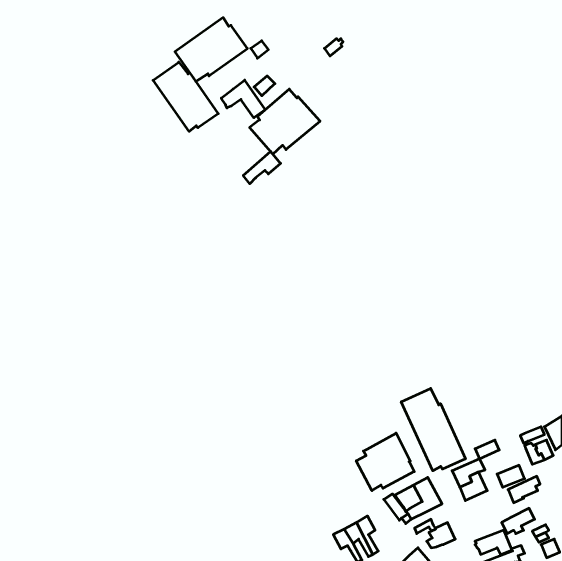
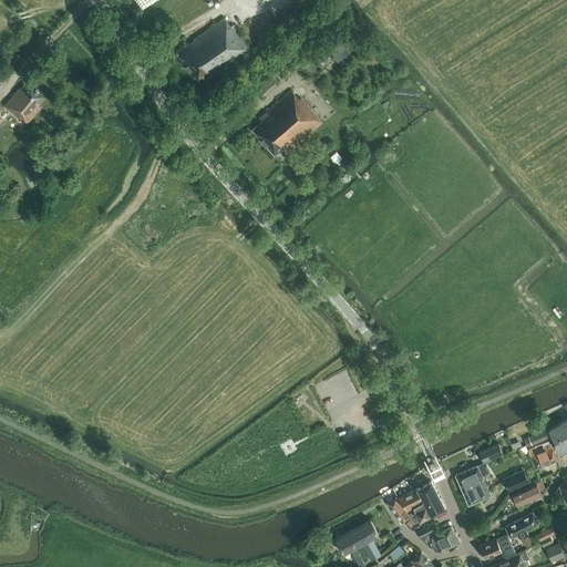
building: [153,62,218,131] -> none
building: none -> [4,81,47,124]
building: [221,80,265,118] -> none
building: [243,151,281,184] -> none
building: [401,388,465,471] -> none
building: [356,433,414,491] -> none

